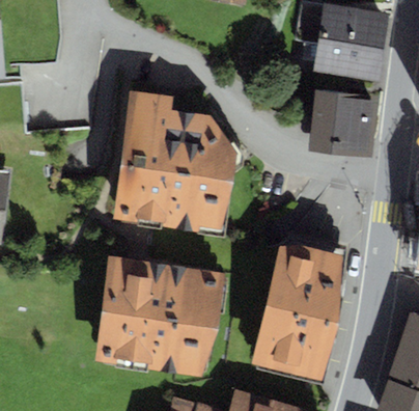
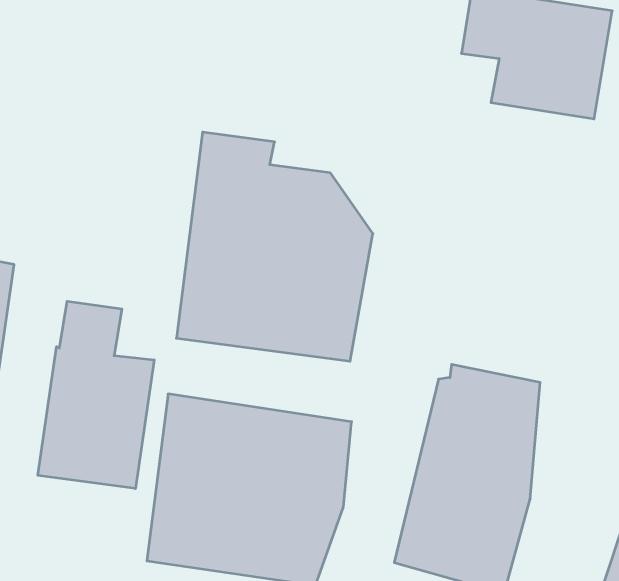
building: [309,89,378,156] -> none
building: none -> [38,301,154,489]

